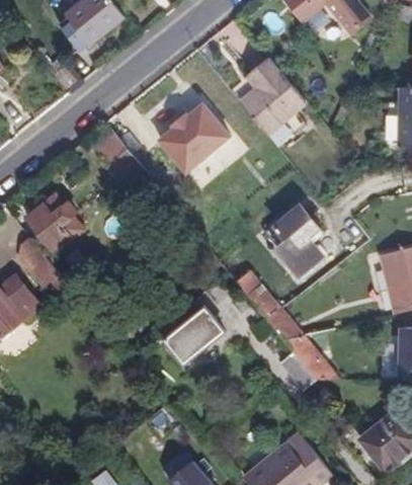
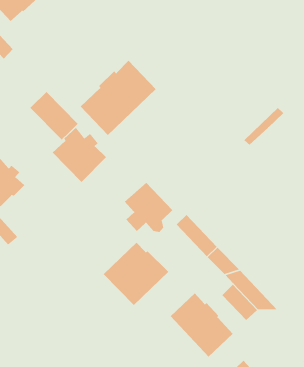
building: [240,56,304,135] -> none
building: none -> [52,127,107,183]
building: [271,207,323,262] -> [124,182,173,233]
building: none -> [170,293,234,357]

